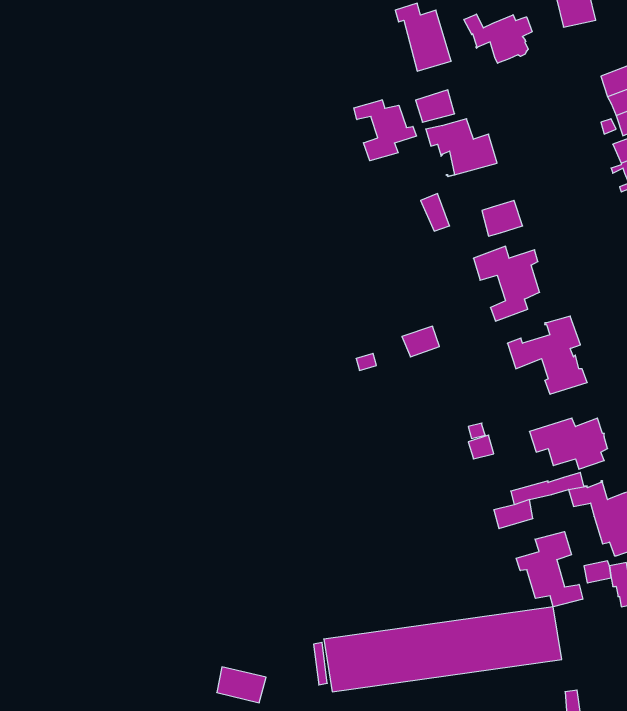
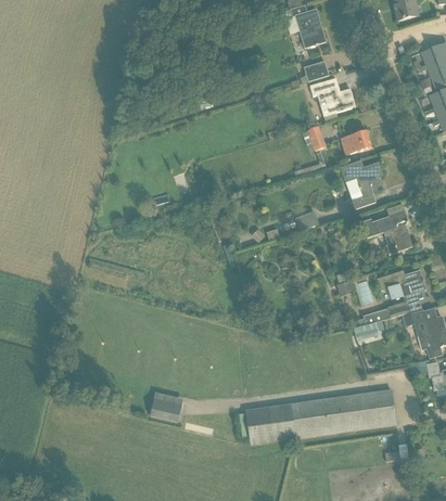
building: [464,14,532,63] -> none
building: [354,100,416,161] -> none
building: [516,532,583,607] -> none
building: [217,667,266,703] -> [150,398,181,421]

